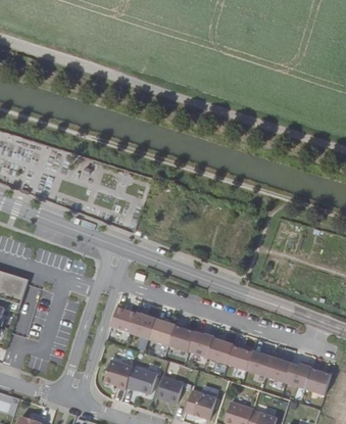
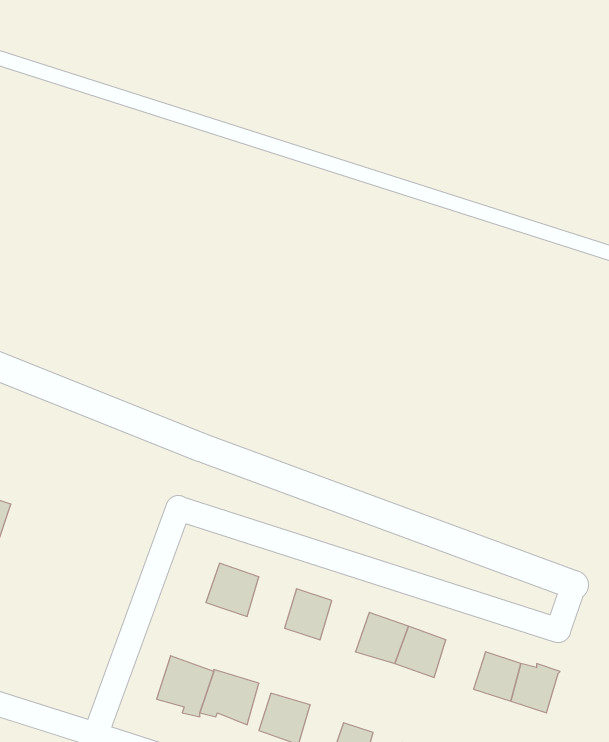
building: [110,305,136,331] -> none
building: [150,318,176,344] -> none
building: [188,330,213,357] -> none
building: [247,350,274,376] -> none
building: [305,368,331,394] -> none

